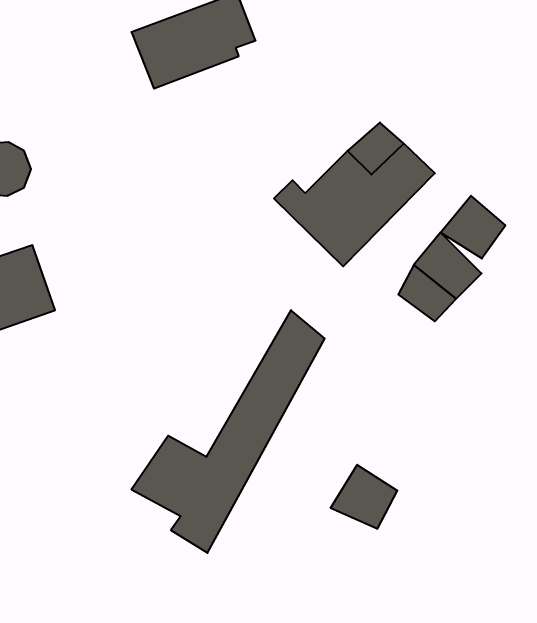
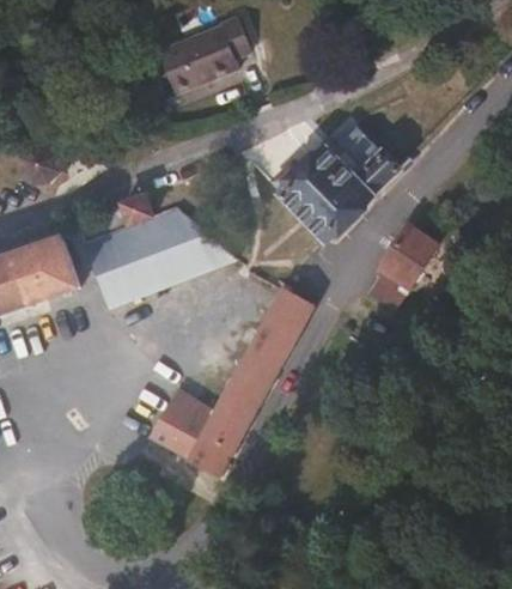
building: [441,196,505,259] -> none
building: none -> [78,199,236,315]
building: [331,465,397,529] -> none

